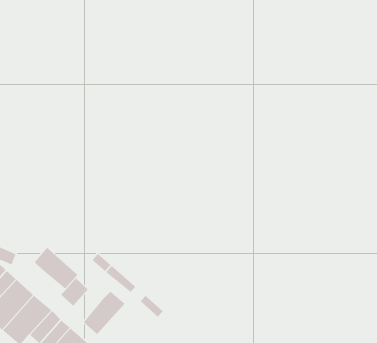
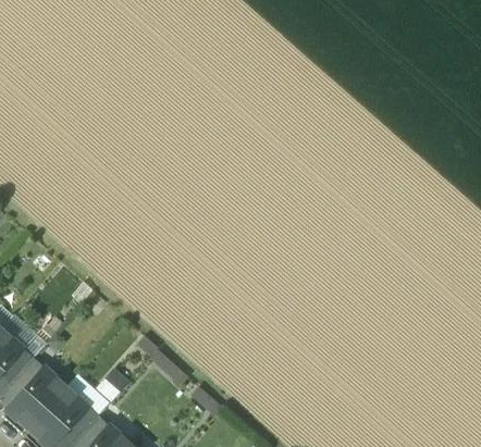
building: [34,247,78,290] -> none
building: [83,291,125,335] -> none

